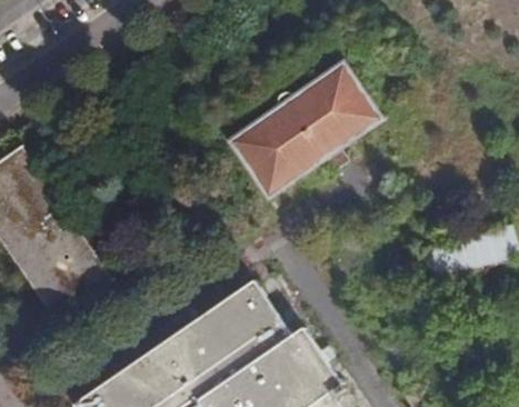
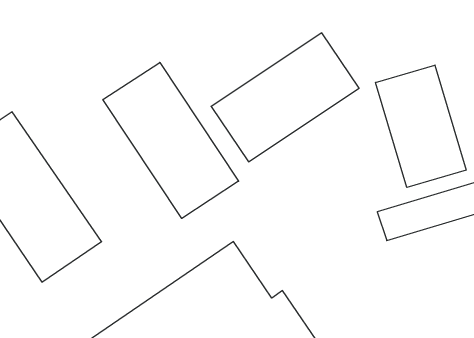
building: none -> [103,62,239,218]
building: none -> [376,65,466,187]

